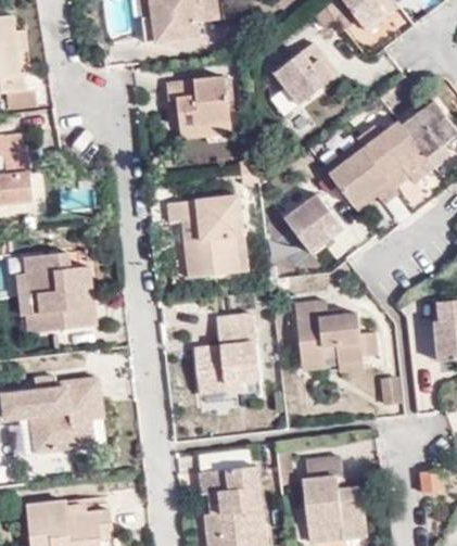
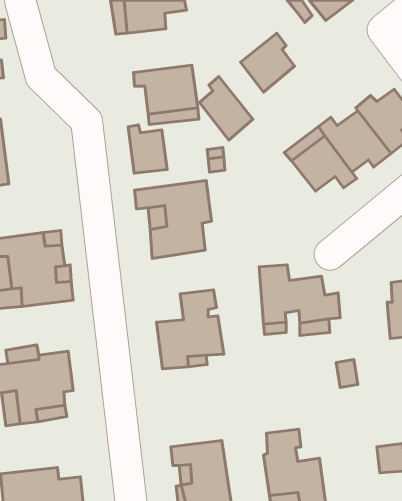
building: none -> [199,77,253,140]
building: none -> [128,125,167,173]
building: [287,198,344,257] -> none

